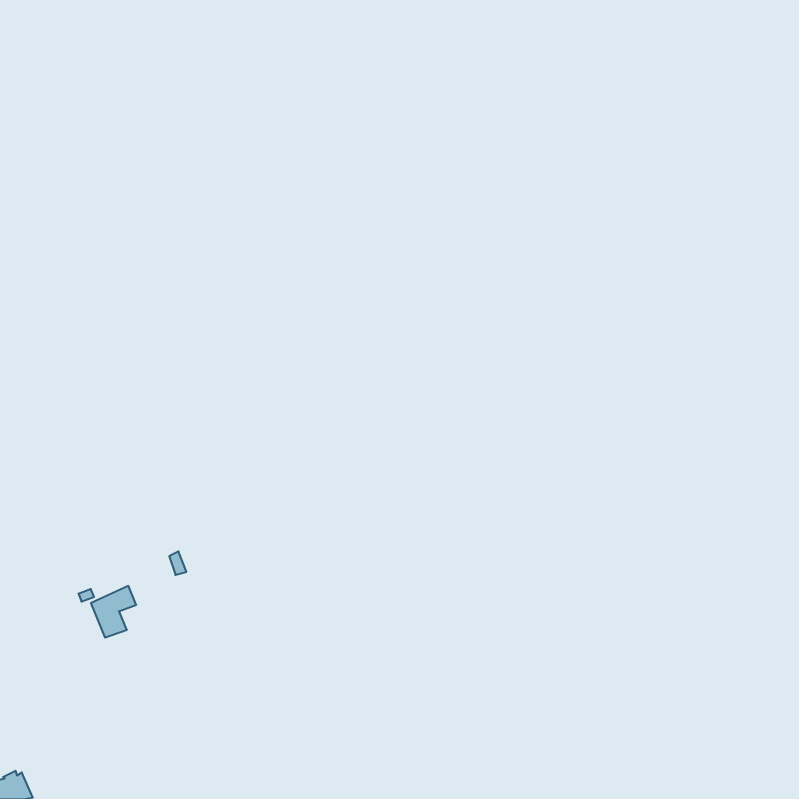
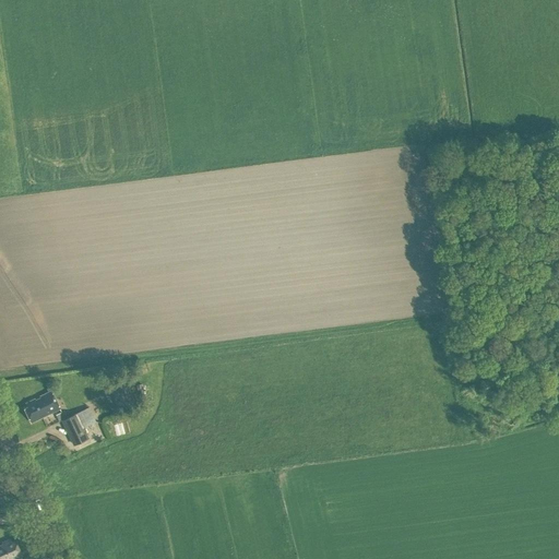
building: none -> [24,390,59,420]

